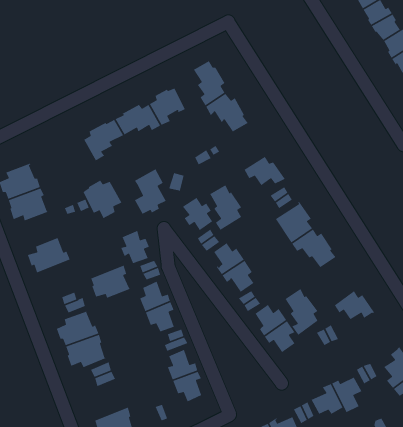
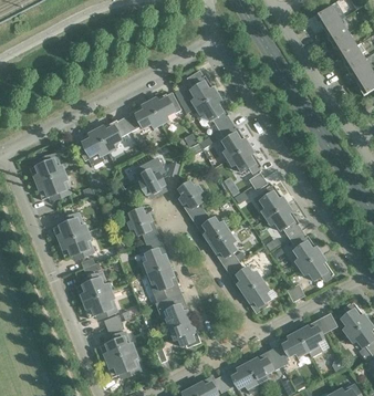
building: [83,180,122,219] -> [75,133,107,165]
building: [209,184,242,231] -> [218,121,245,158]
building: [90,265,131,299] -> [60,231,93,259]
building: [284,288,319,336] -> [289,229,316,268]
building: none -> [98,331,134,361]

